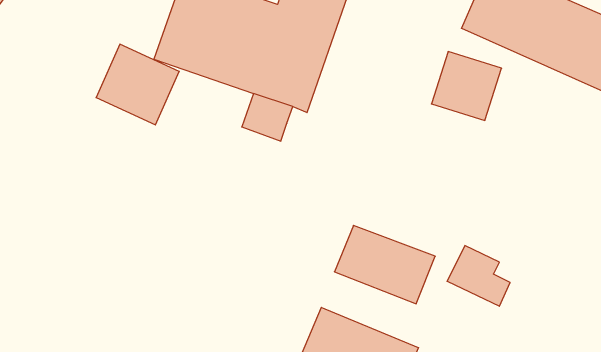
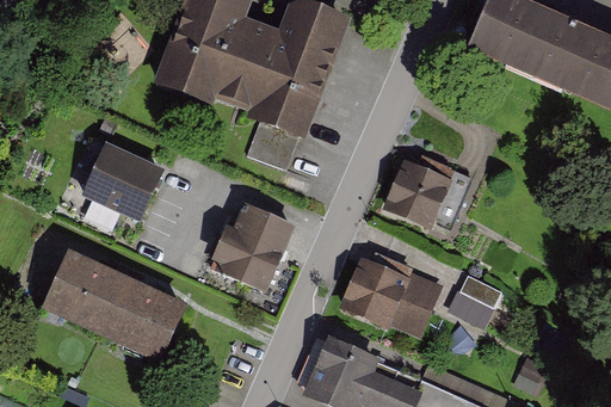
building: [96,44,179,125] -> [79,141,162,222]
building: [431,52,502,120] -> [383,152,453,221]
building: none -> [210,199,295,288]
building: none -> [39,252,184,366]

